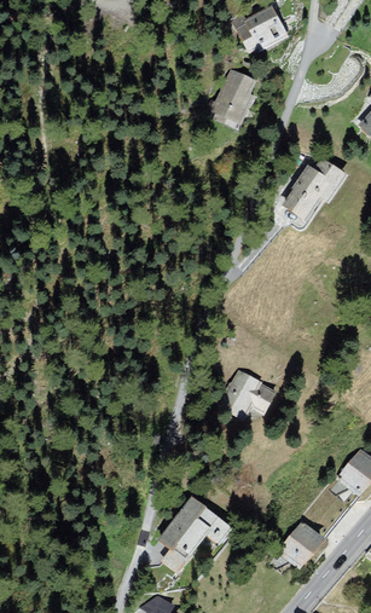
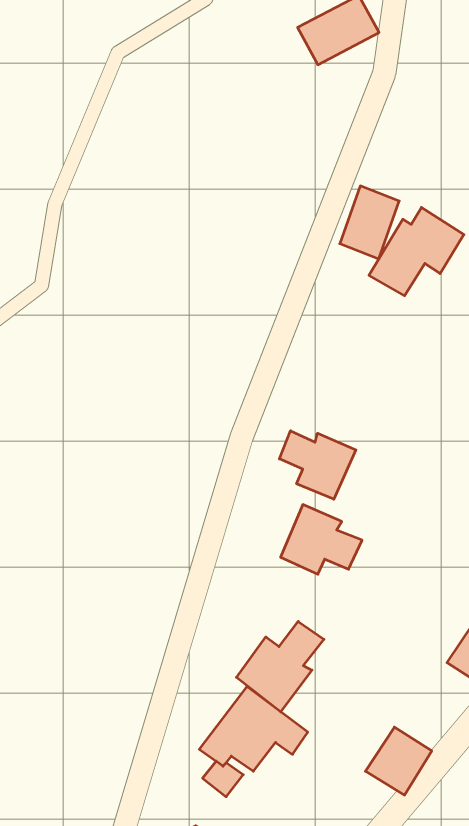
building: [218,69,260,121] -> [340,186,399,259]
building: none -> [279,431,356,499]
building: none -> [236,621,324,712]

